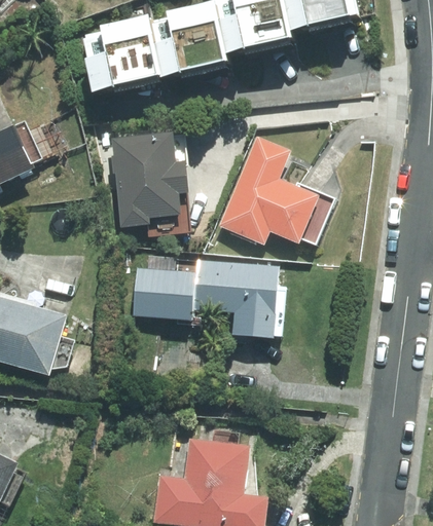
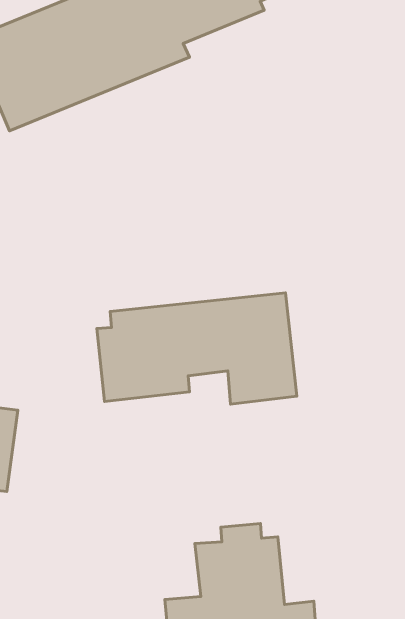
building: [111,132,189,228] -> none
building: [219,136,320,243] -> none

